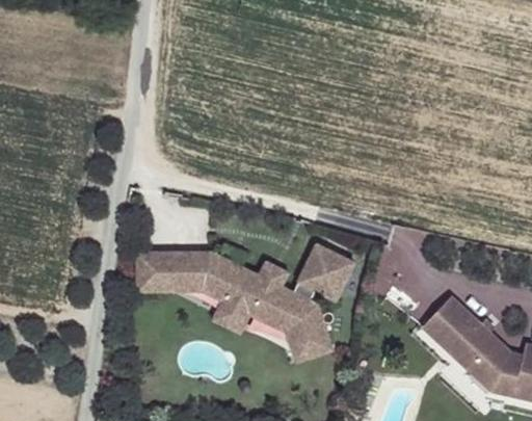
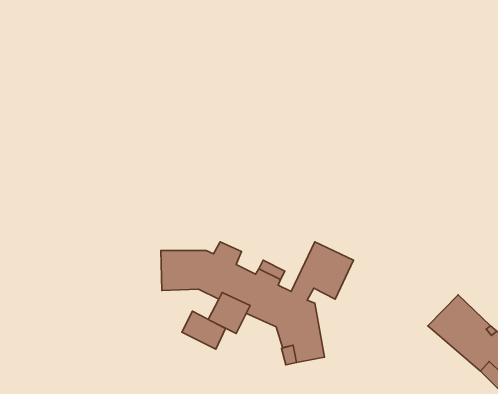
building: [137,253,168,291] -> none
building: none -> [182,311,225,349]

